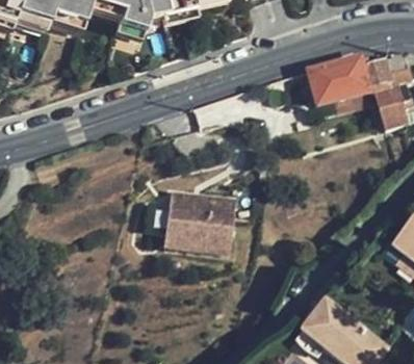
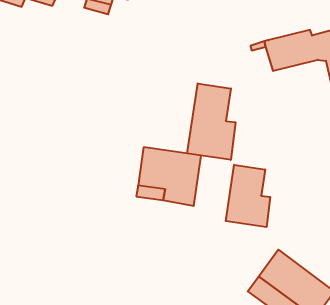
building: none -> [187,83,236,160]
building: none -> [226,165,270,227]

